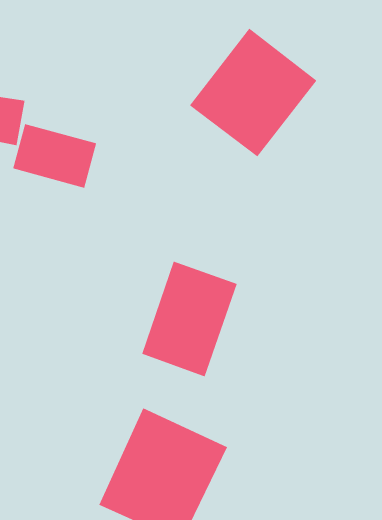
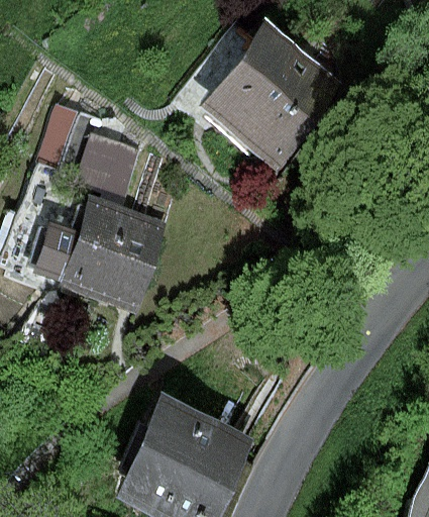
building: none -> [39,200,160,304]
building: [141,261,238,378] -> none

